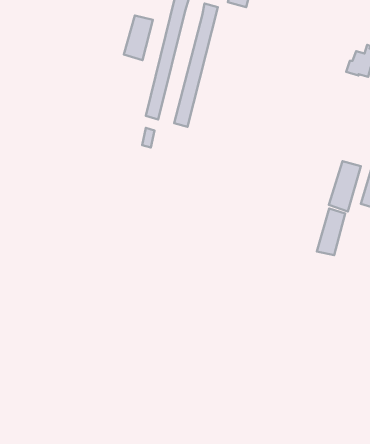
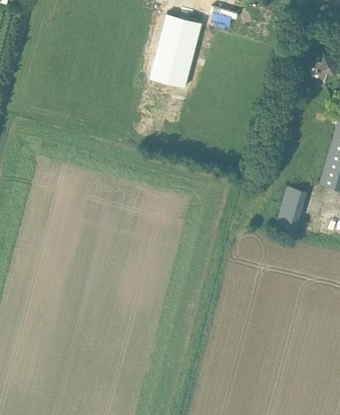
building: [124,15,153,60] -> none
building: [329,161,361,212] -> none

